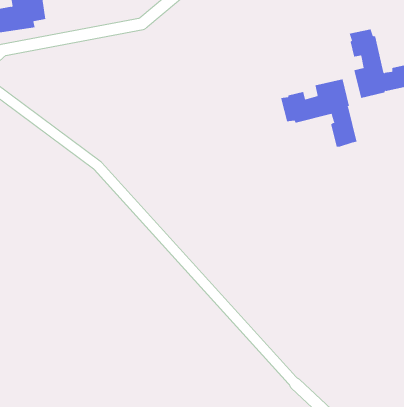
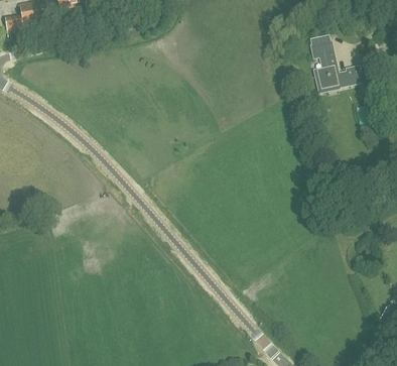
building: [280,79,357,148] -> none

